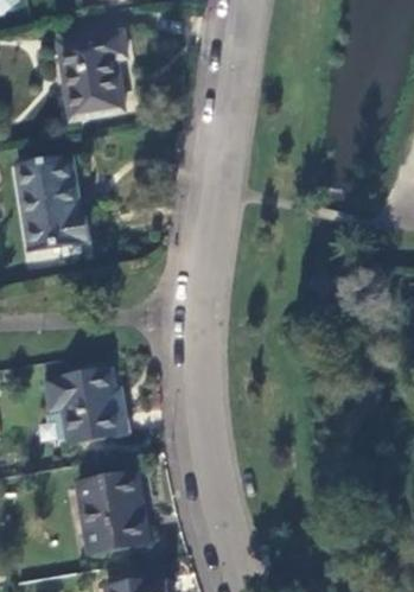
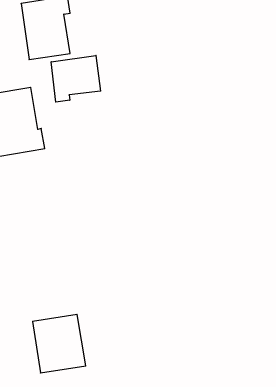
building: none -> [51,55,101,102]
building: [45,368,123,440] -> none

